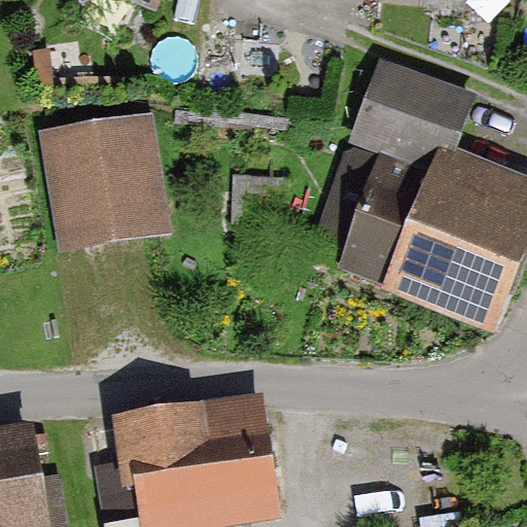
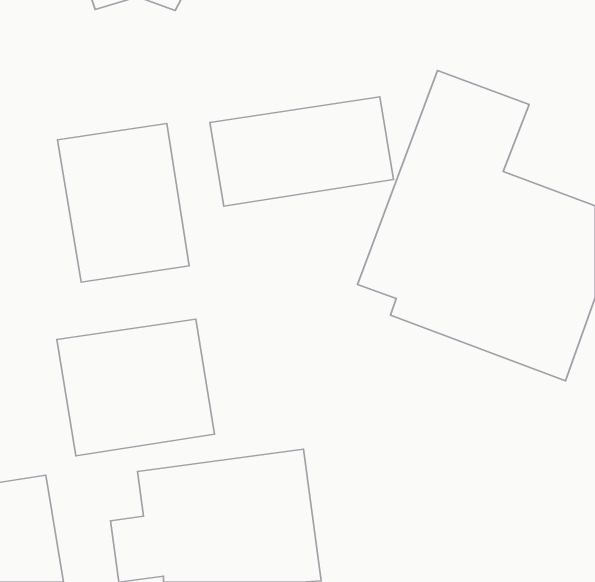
building: none -> [210,97,393,206]
building: none -> [57,319,215,456]

